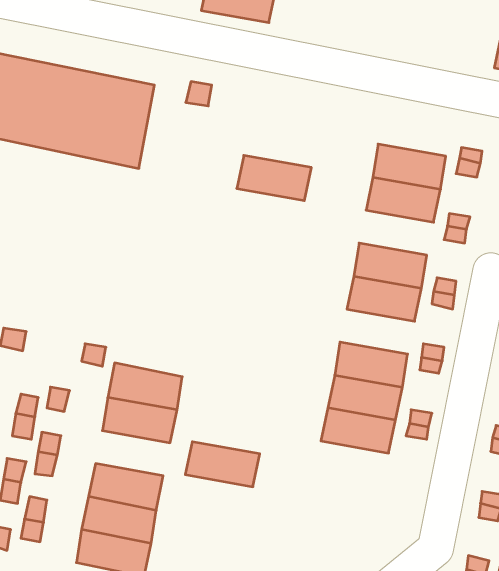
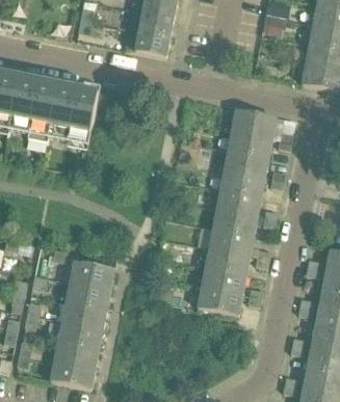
building: none -> [232,107,277,135]
building: [237,155,311,201] -> [220,167,265,194]
building: none -> [209,226,254,253]
building: [185,442,260,487] -> [62,299,107,326]

